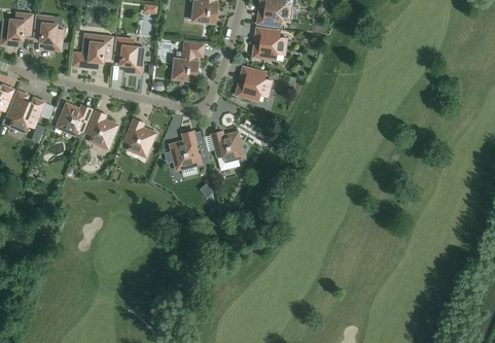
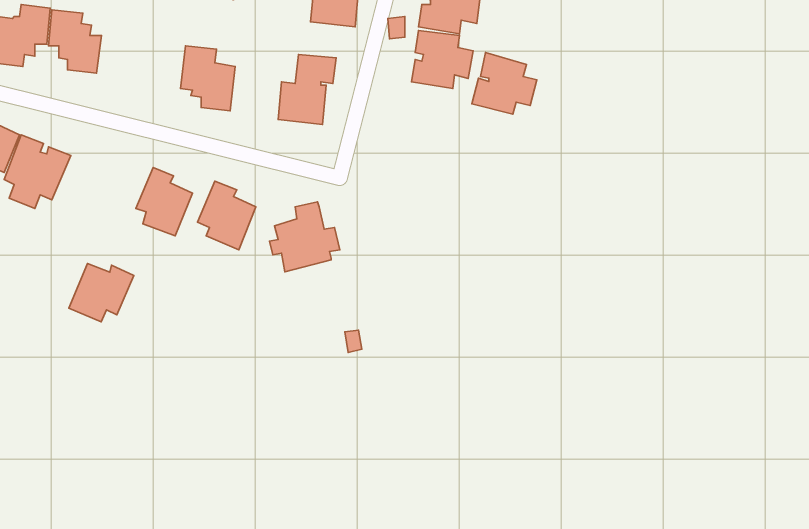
building: [70,32,113,69] -> none
building: [234,64,273,101] -> [472,52,537,114]
building: [54,101,93,136] -> [69,264,134,322]
building: [209,129,245,170] -> none

